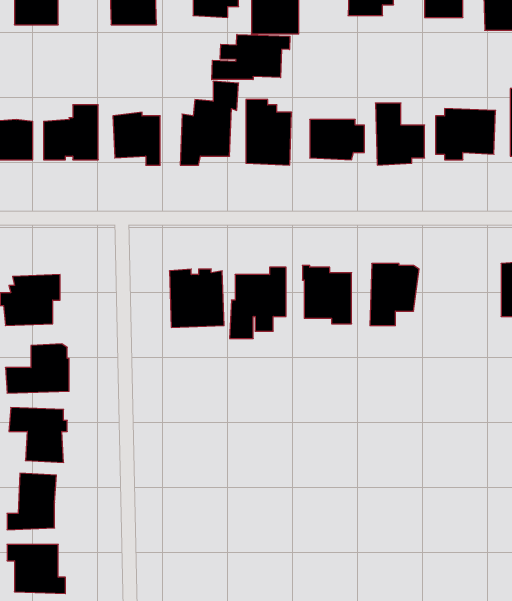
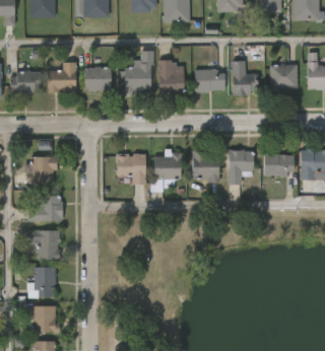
building: [212,34,290,80] -> none
building: none -> [265,154,296,176]

